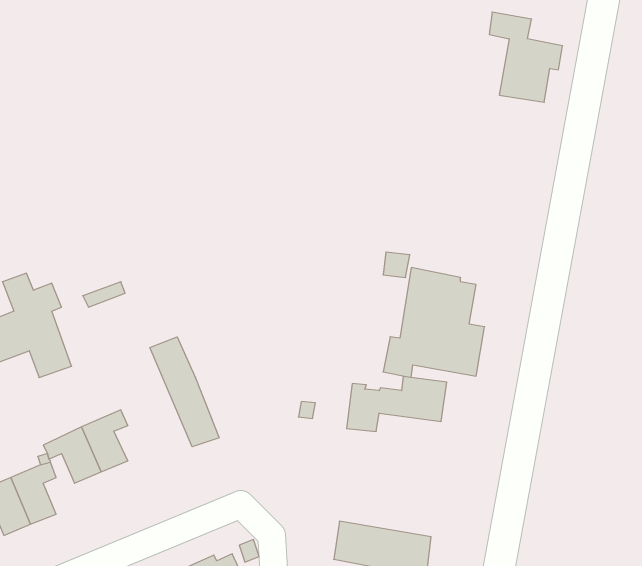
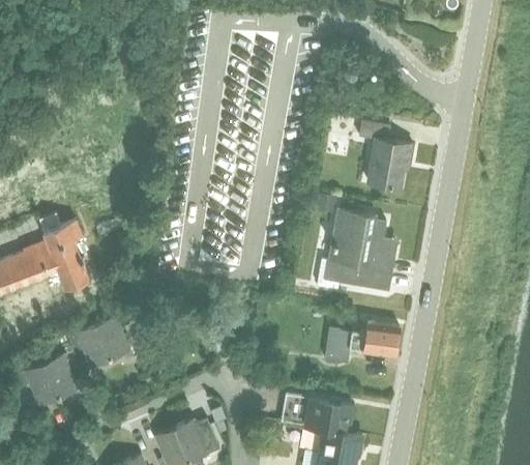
building: [489,12,563,102] -> [360,120,414,186]
building: [150,337,219,447] -> none
building: [347,376,447,431] -> [326,322,400,362]

